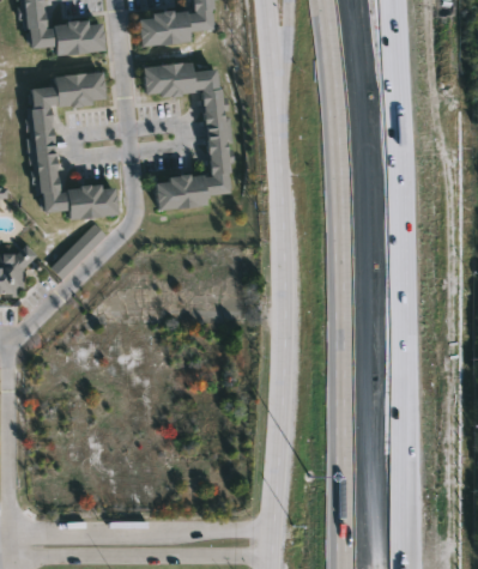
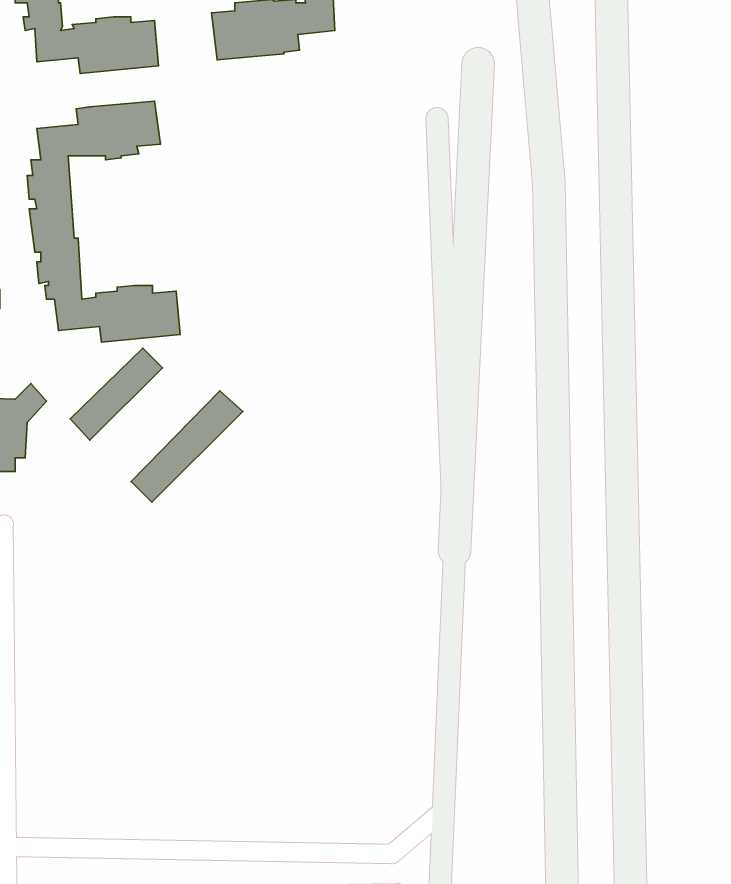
building: [143,62,236,210] -> none
building: none -> [131,391,243,502]

